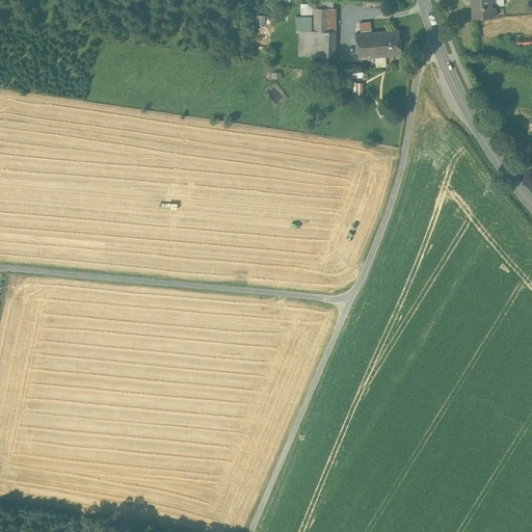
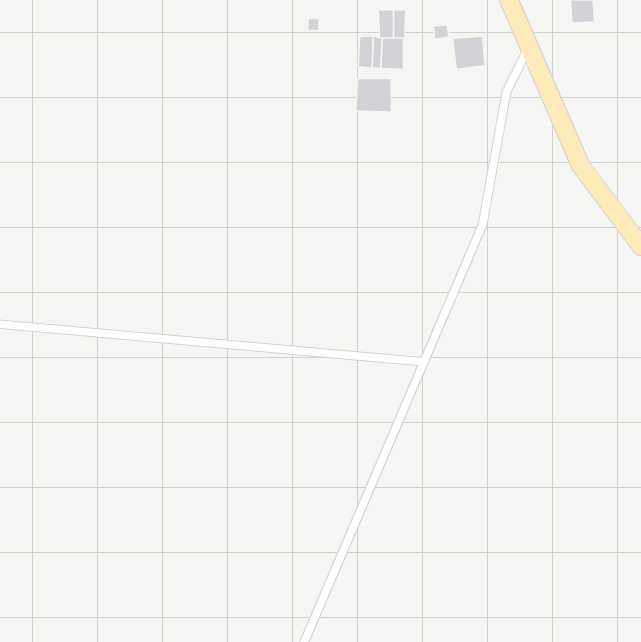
building: [355,32,377,59] -> none
building: none -> [356,78,391,112]

